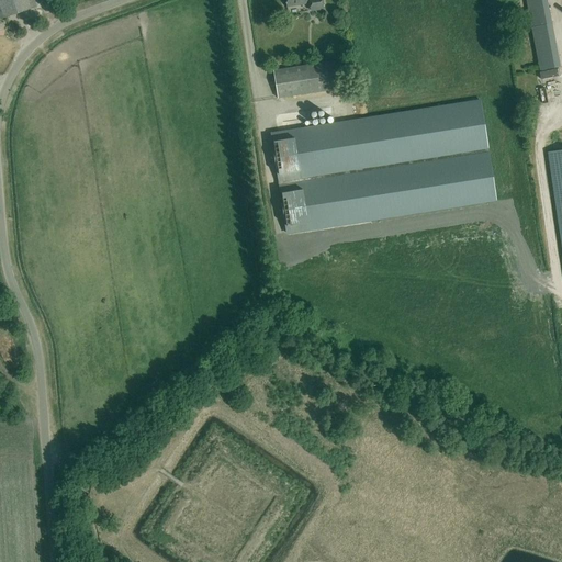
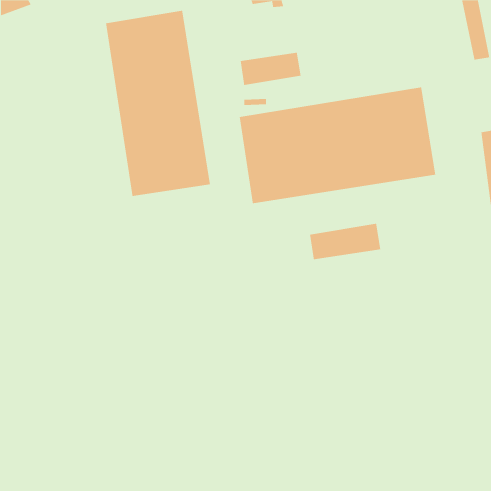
building: none -> [105,10,211,197]
building: none -> [309,223,381,260]

